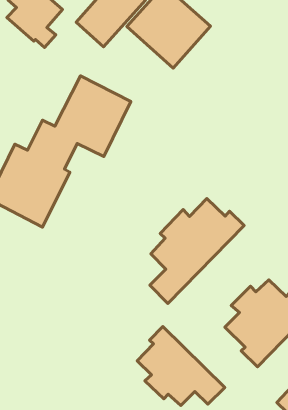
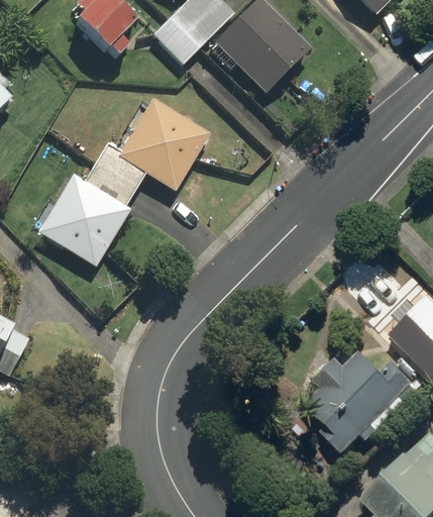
building: [150,199,244,303] -> none
building: [137,327,225,406] -> none

